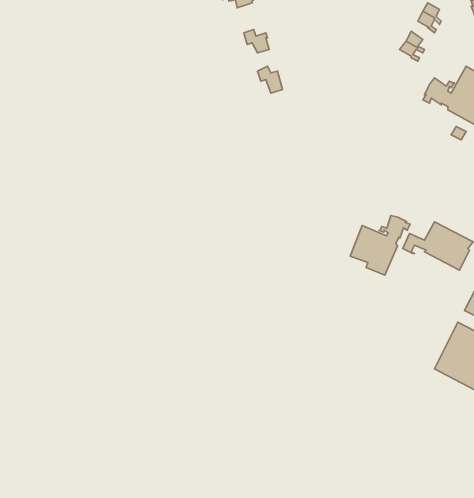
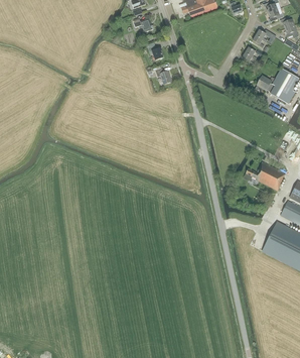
building: [350,215,410,275] -> none

